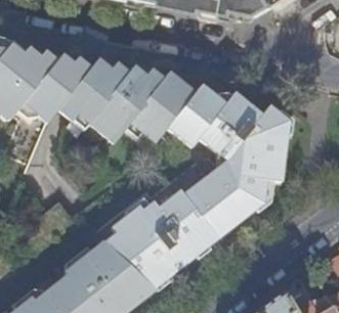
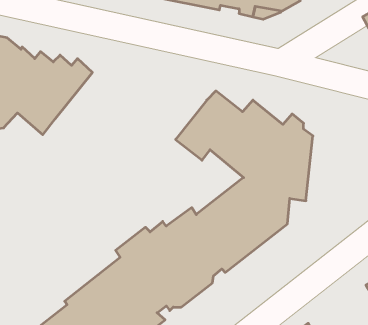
building: [57,61,192,142] -> none

